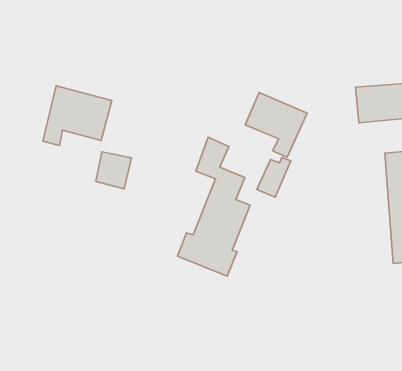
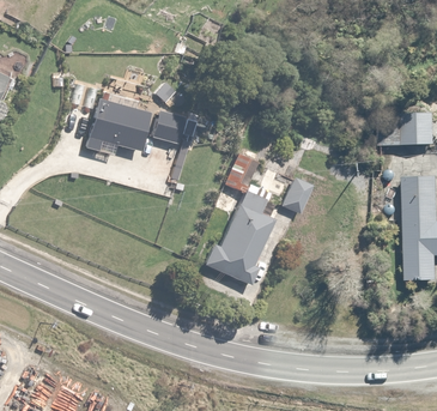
building: [245,92,307,157] -> none
building: [96,152,131,189] -> [151,109,186,145]

